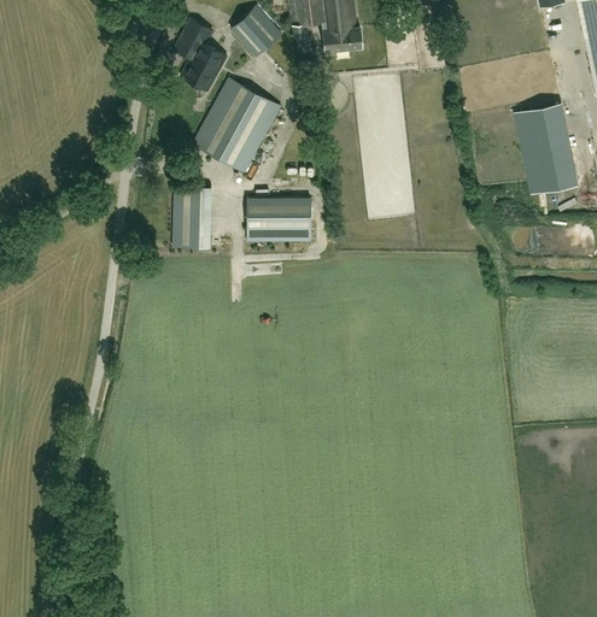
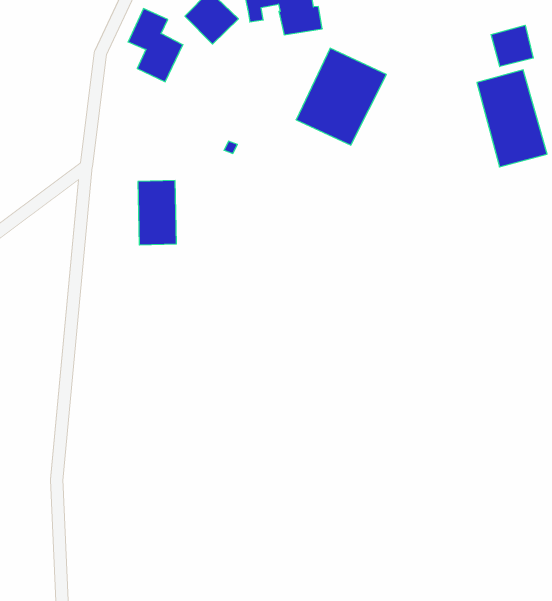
building: none -> [491,25,533,67]
building: [192,76,282,171] -> [296,48,386,145]
building: [246,198,310,242] -> none

